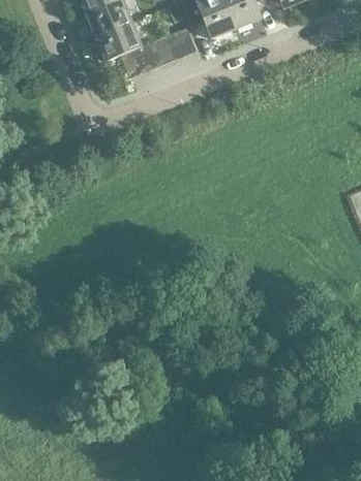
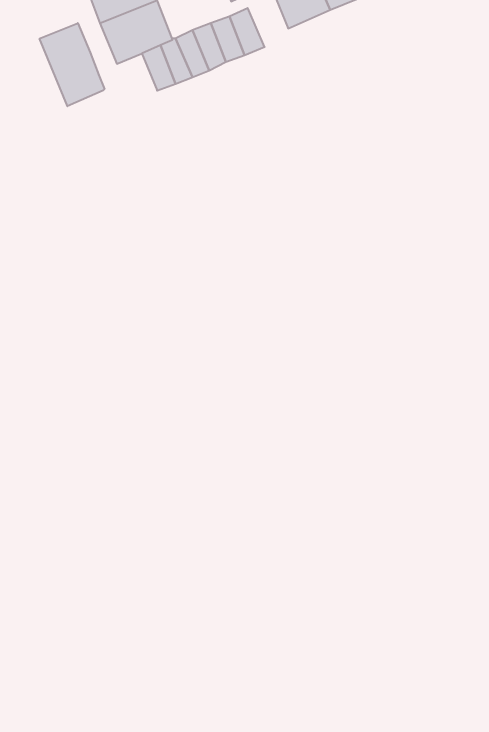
building: none -> [40,23,104,106]

